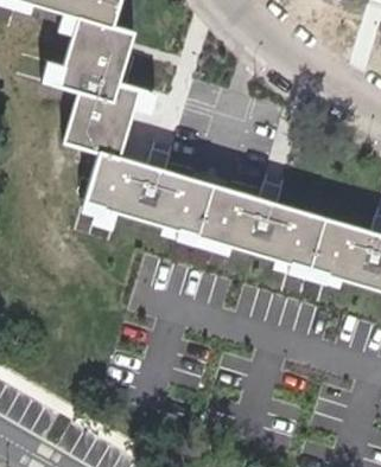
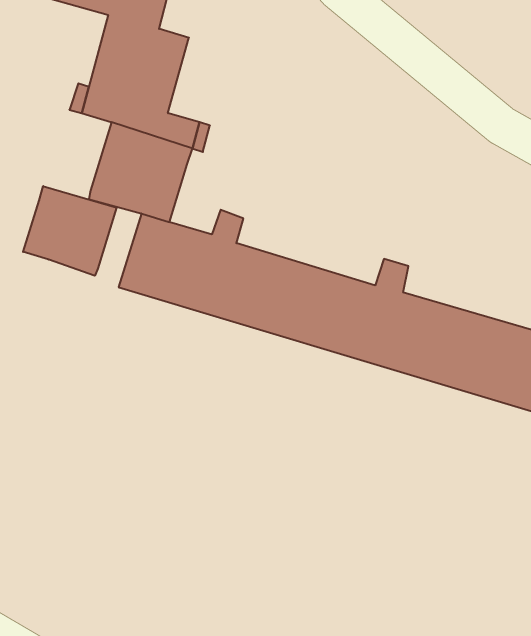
building: none -> [23,186,117,276]

